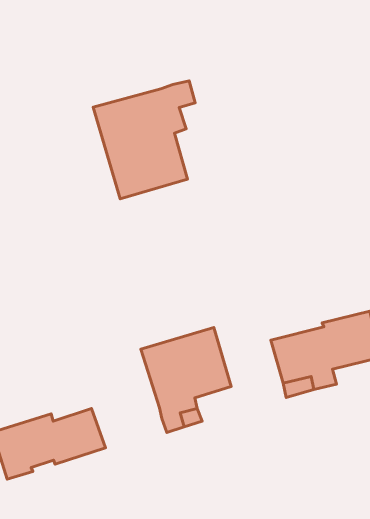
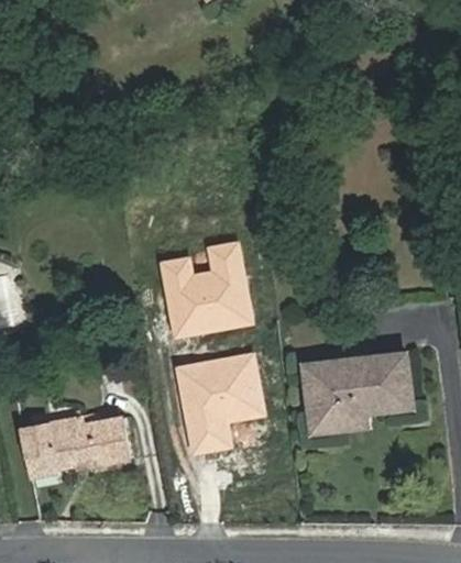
building: [93,81,195,199] -> none
building: none -> [162,242,252,332]

